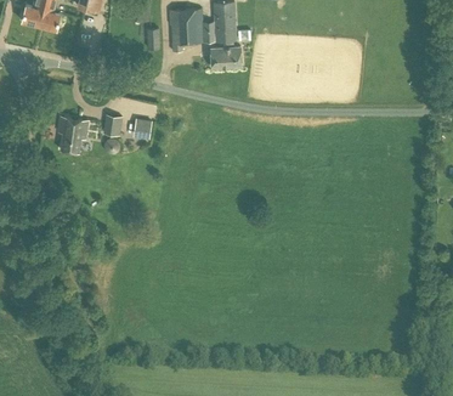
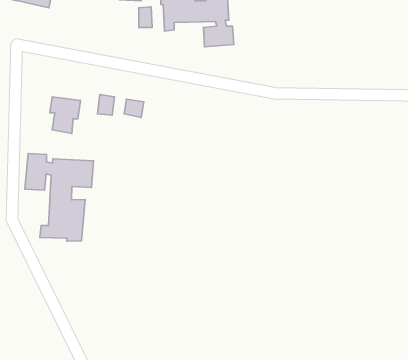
building: none -> [25,153,93,241]

